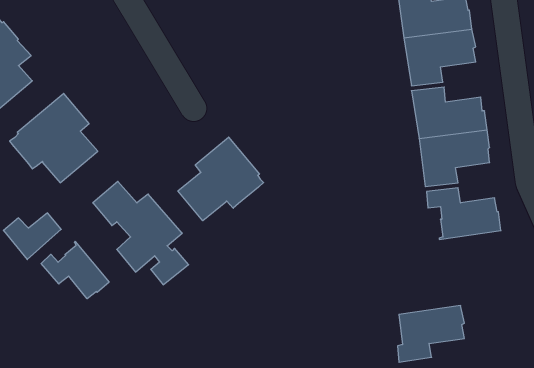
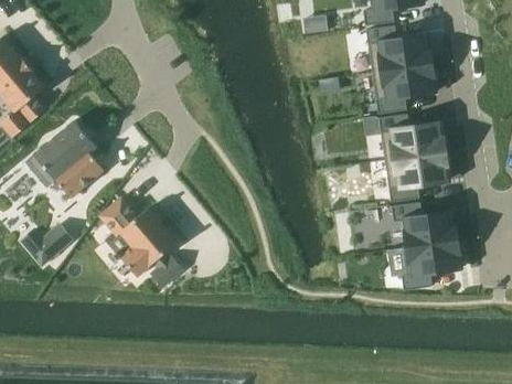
building: [178,137,264,221] -> none
building: [41,241,109,299] -> none
building: [398,306,464,362] -> [402,239,460,289]

